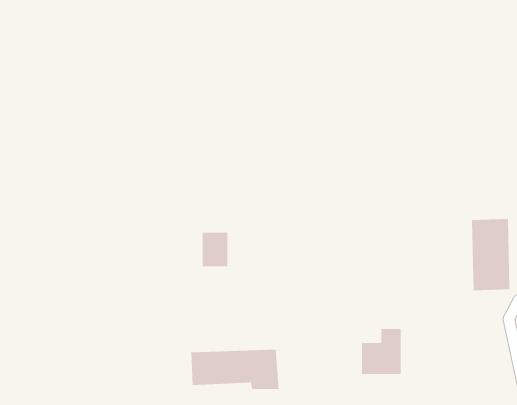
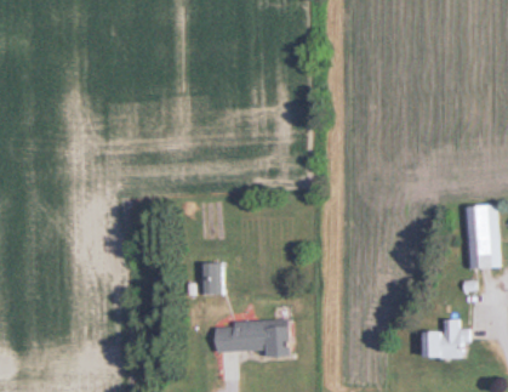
building: [202,232,228,267] -> [200,265,223,295]
building: [361,328,401,374] -> [429,319,464,359]

